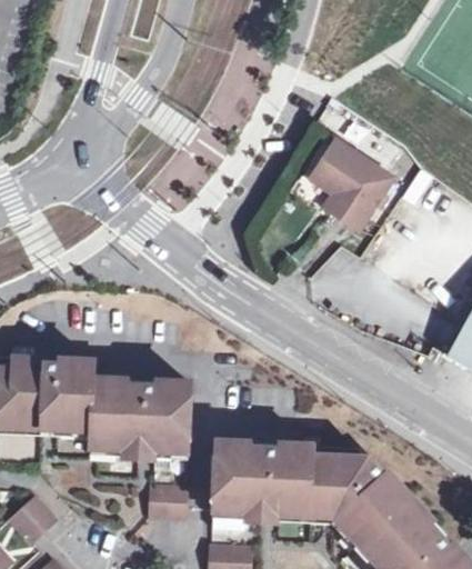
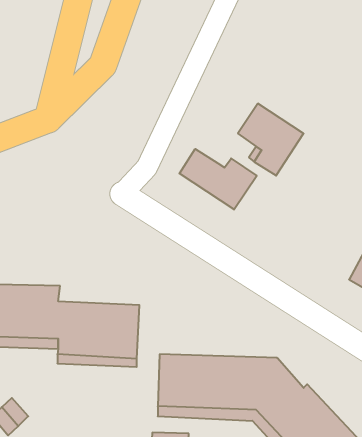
building: none -> [179,149,257,210]
building: [150,486,184,515] -> none

